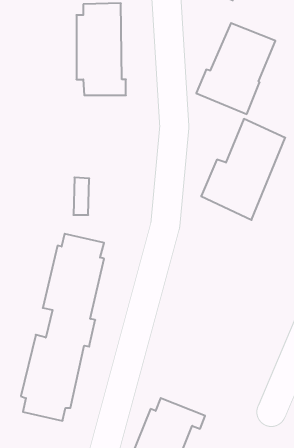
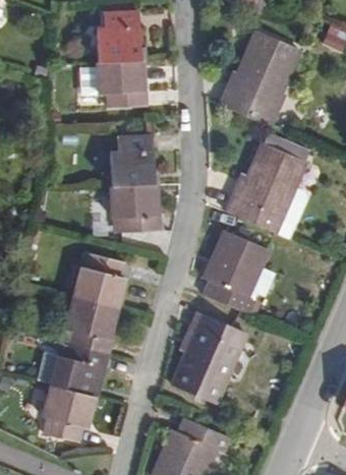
building: none -> [112,131,163,226]
building: none -> [204,232,265,314]
building: none -> [176,313,246,404]

